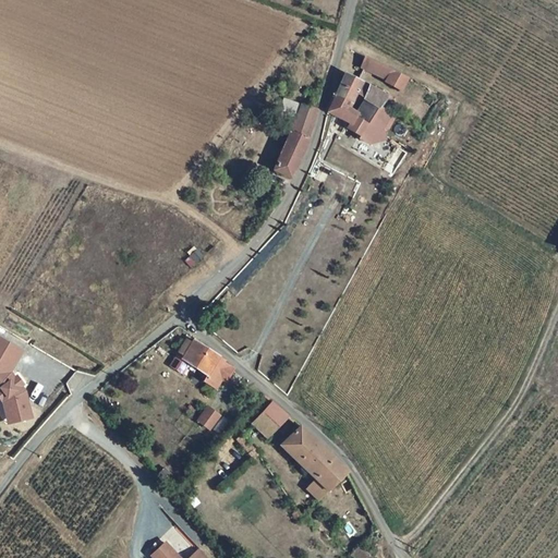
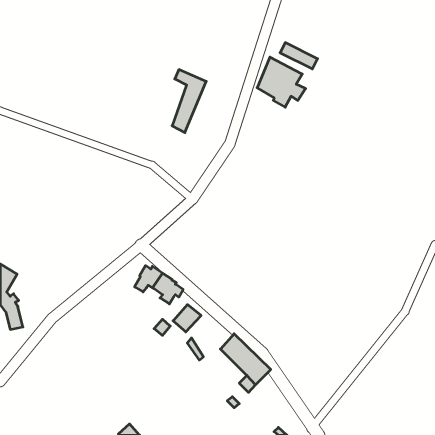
building: [276,97,319,178] -> [172,70,206,133]
building: [254,402,290,437] -> [173,305,201,332]

